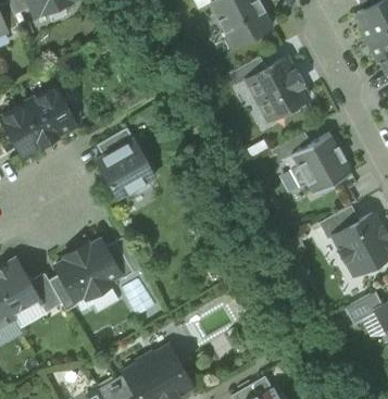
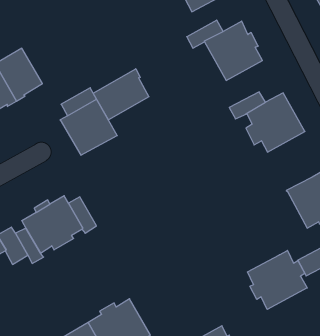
building: none -> [93,69,149,120]
building: [318,205,360,239] -> none
building: none -> [247,250,307,309]

